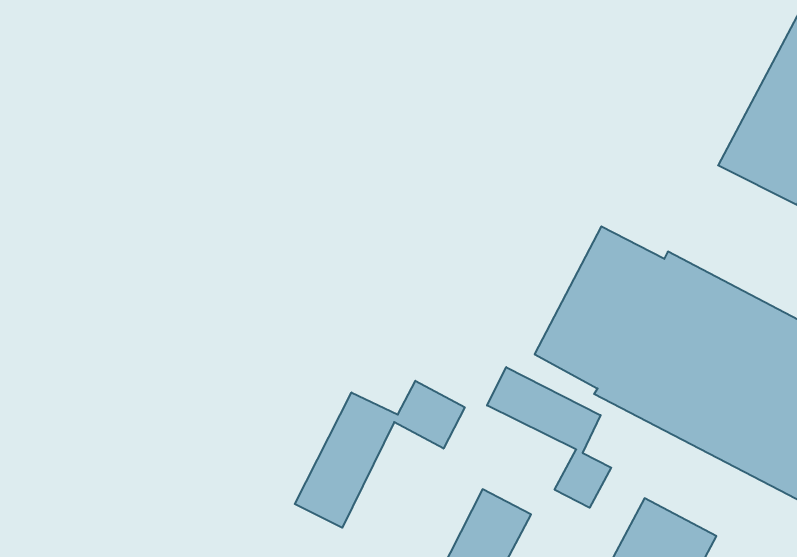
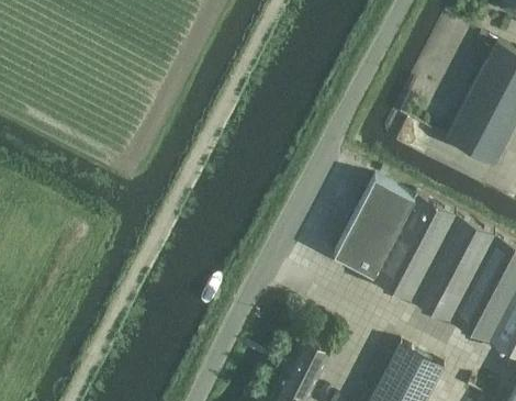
building: [487,367,611,508] -> none
building: [295,381,465,528] -> none

